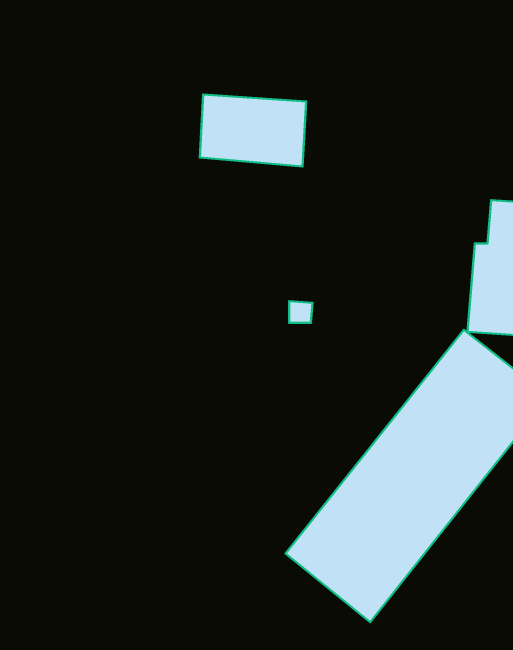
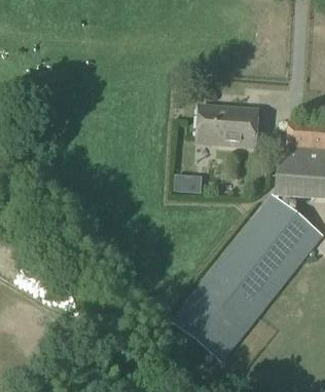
building: [200,94,306,166] -> [197,105,258,146]

